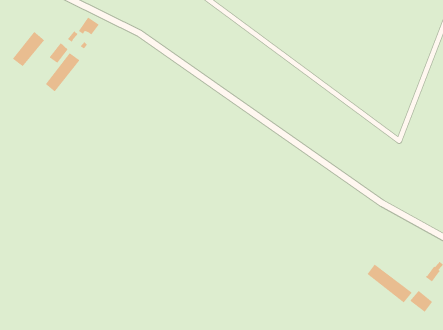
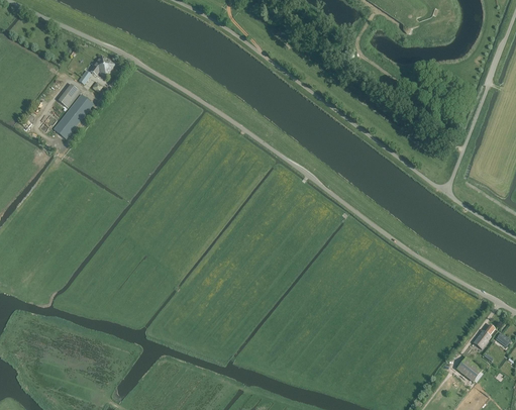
building: [12,31,45,67] -> none
building: [367,263,413,304] -> none

